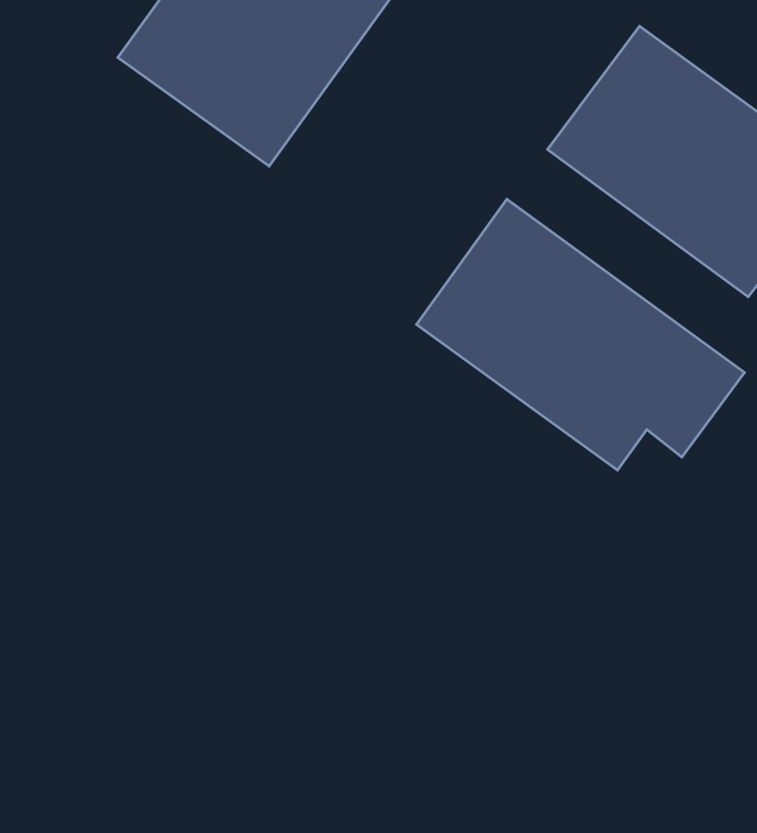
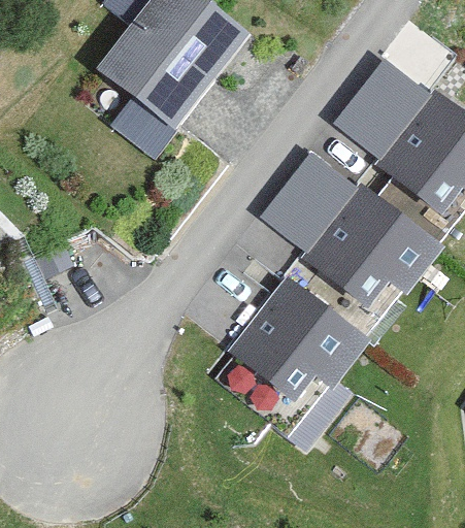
building: none -> [215,275,369,447]

